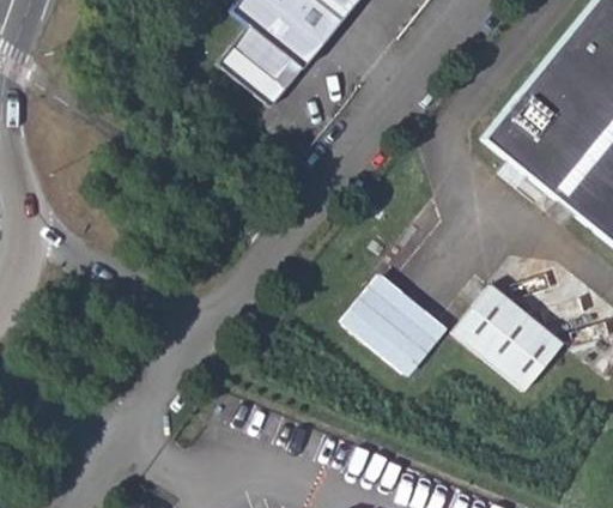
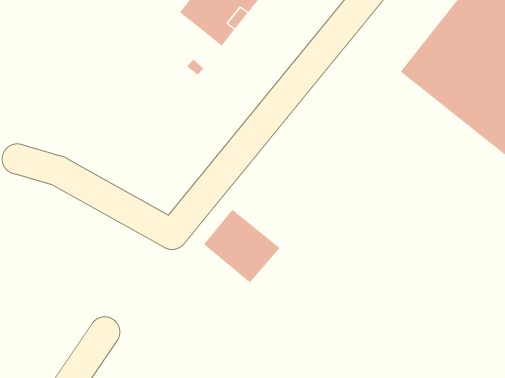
building: [356,283,448,371] -> [203,209,280,283]
building: [455,285,564,391] -> none

